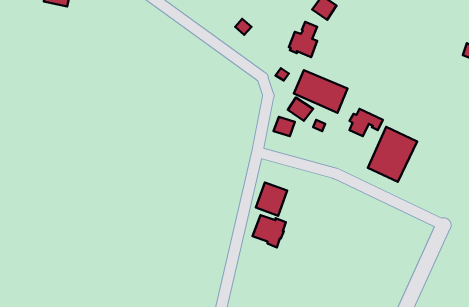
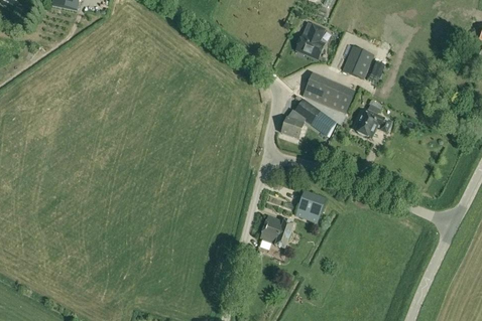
building: none -> [343,45,374,77]
building: [368,127,417,182] -> none
building: [256,182,287,216] -> [294,189,326,222]

